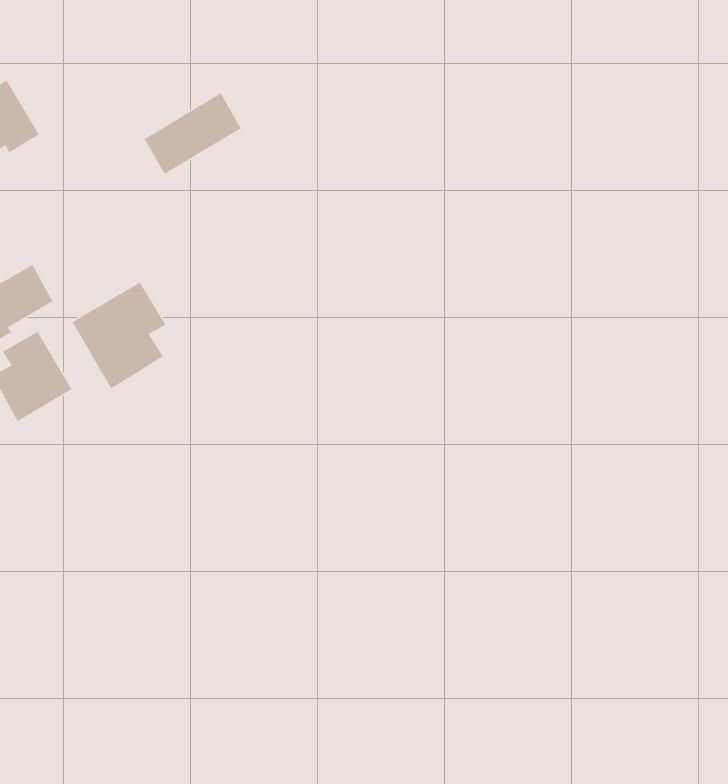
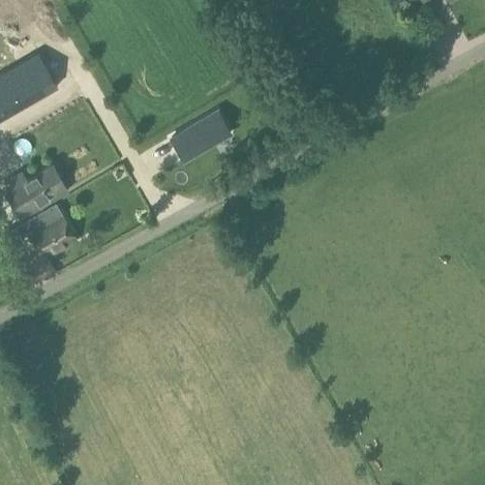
building: [143,92,242,175] -> [169,114,228,163]
building: [72,282,166,389] -> none

